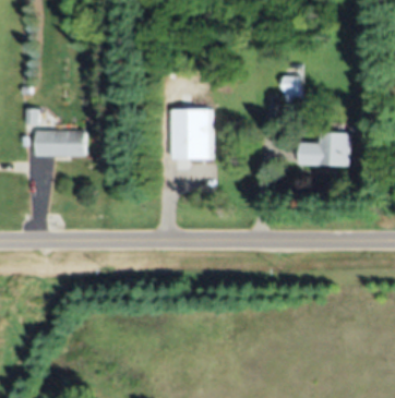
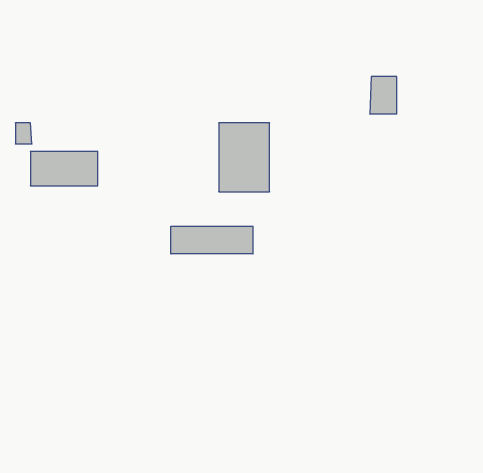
building: [300,132,351,166] -> none
building: none -> [171,226,253,254]

